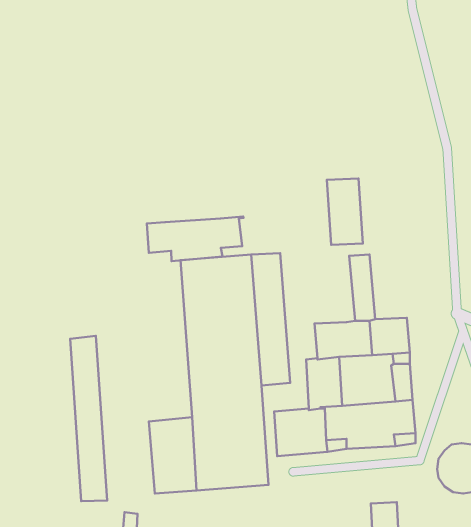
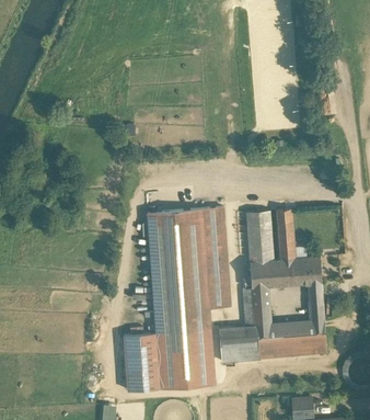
building: [327,179,363,245] -> [246,211,274,261]
building: [147,217,243,261] -> none
building: [70,336,107,501] -> none

